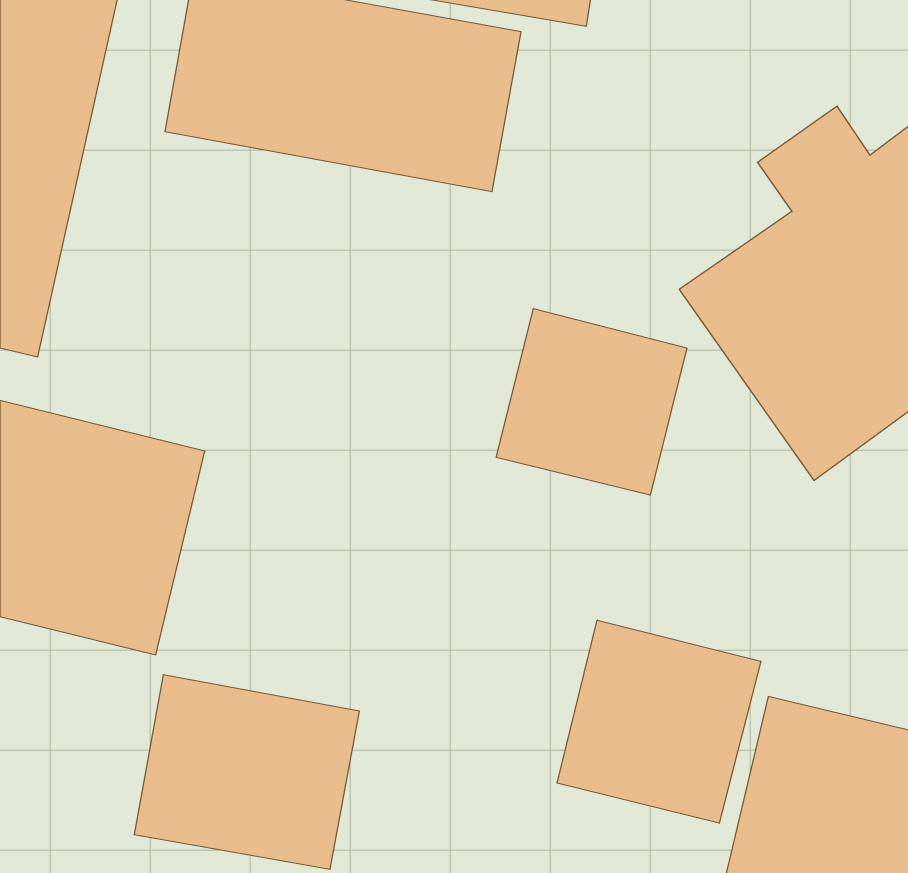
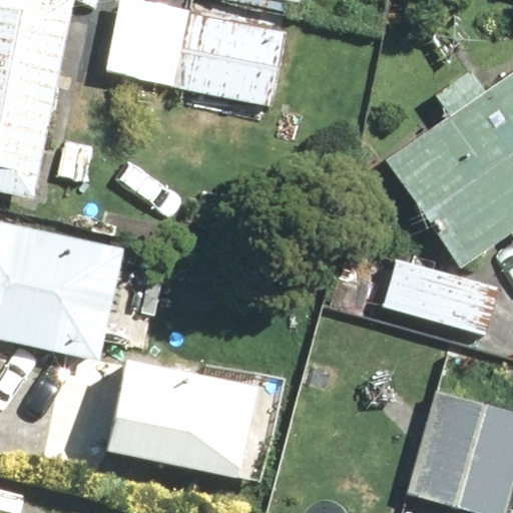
building: [496,308,687,495] -> none
building: none -> [378,253,494,335]
building: [557,620,761,823] -> none

